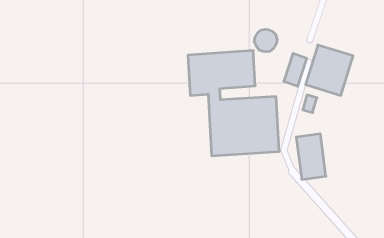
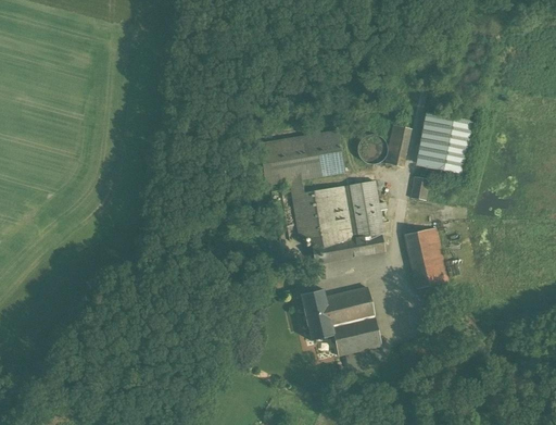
building: [254,29,277,52] -> [355,134,384,162]
building: none -> [296,286,379,352]

